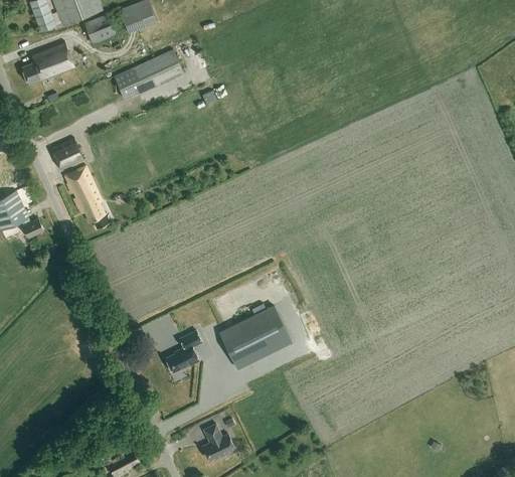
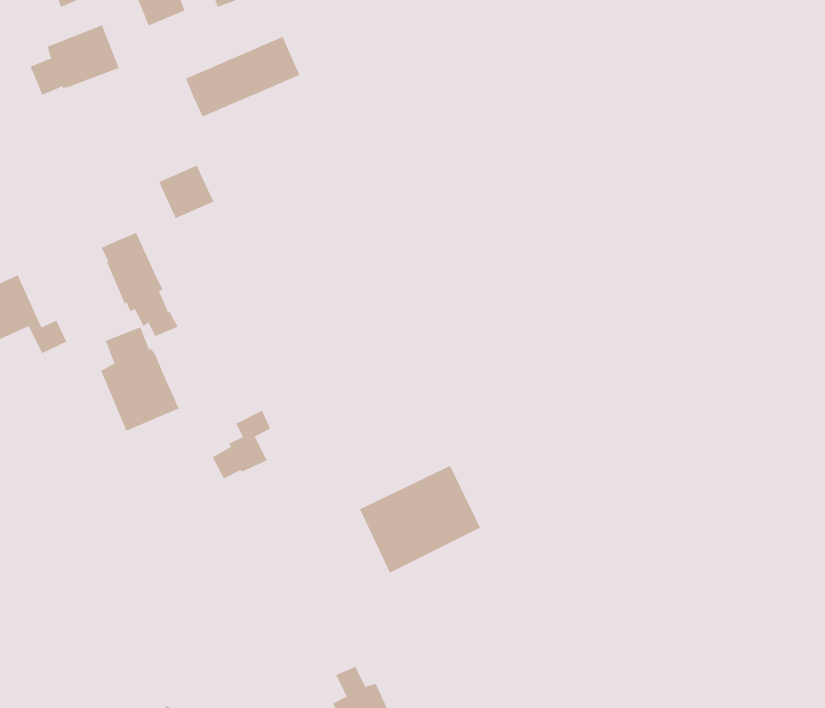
building: [51,138,84,170] -> [158,165,214,219]
building: none -> [101,326,179,432]
building: [166,331,201,372] -> [212,410,271,479]

